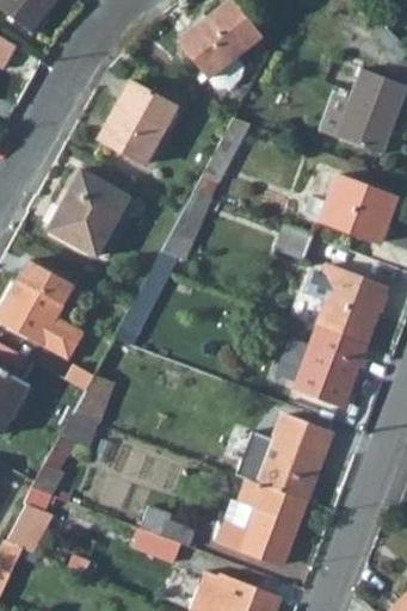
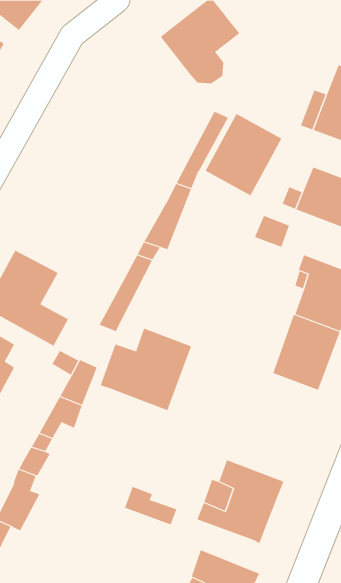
building: [98,80,178,166] -> [205,113,282,196]
building: [50,171,129,258] -> none
building: [236,415,332,501] -> [100,328,192,411]

